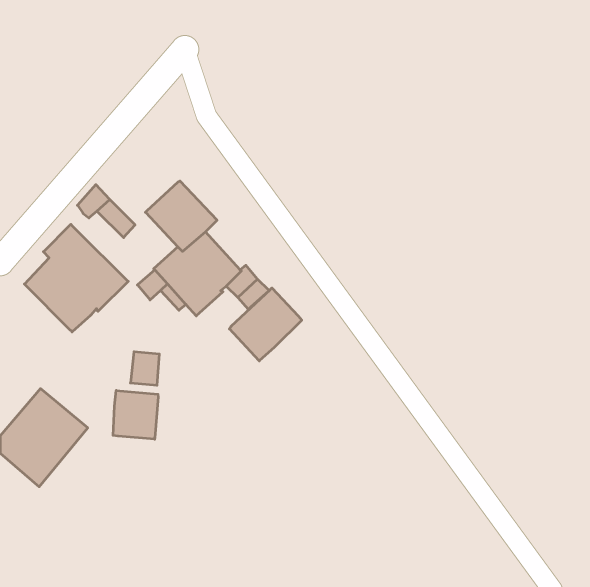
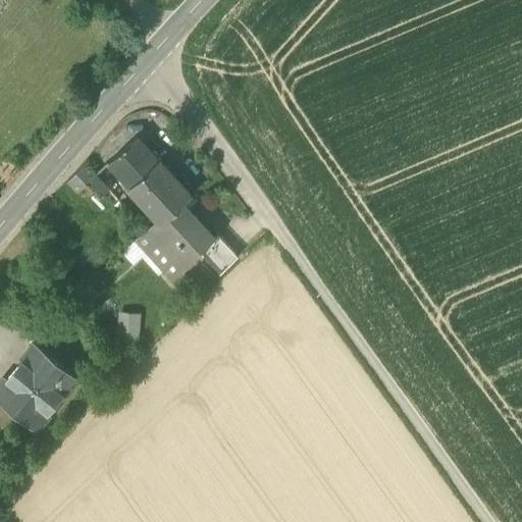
building: none -> [108,140,157,189]
building: [24,224,128,332] -> none
building: [229,288,302,361] -> none
building: [113,390,158,439] -> none

